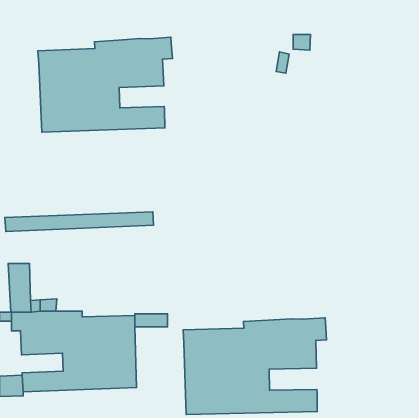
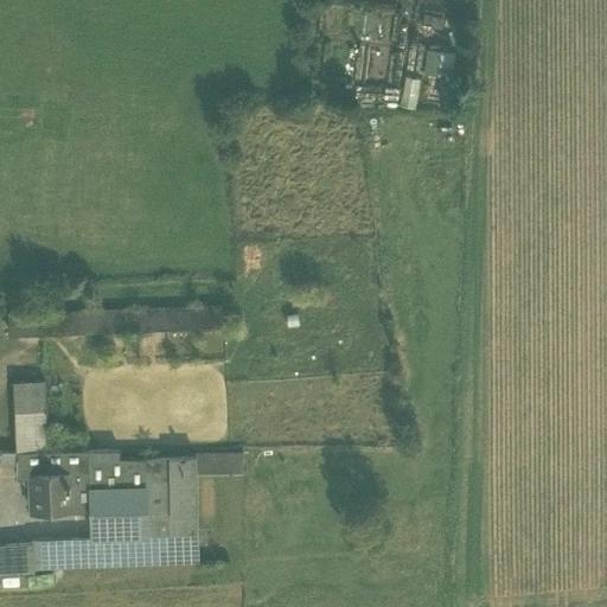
building: [38,37,172,132] -> none
building: [183,318,326,414] -> none

